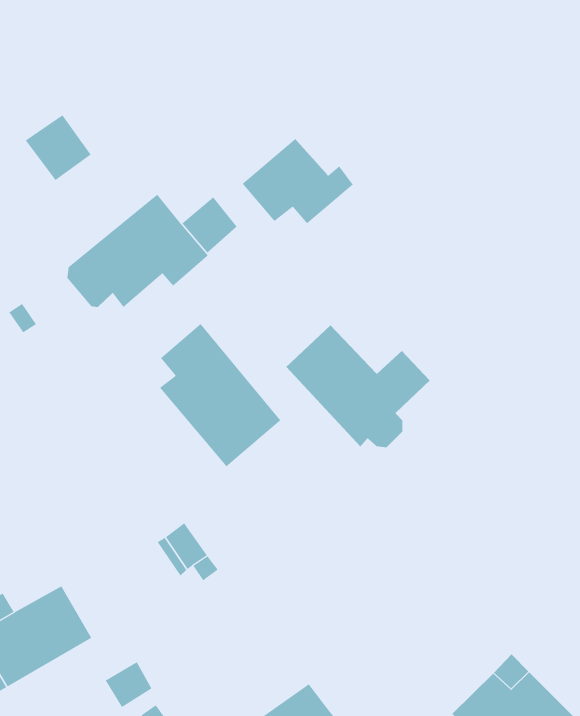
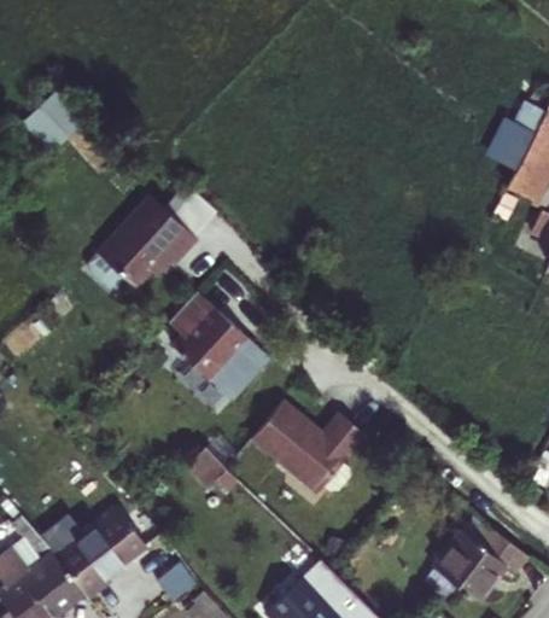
building: [25,115,92,181] -> [29,94,82,146]
building: [242,138,353,224] -> none
building: [286,325,430,448] -> [251,402,364,494]

